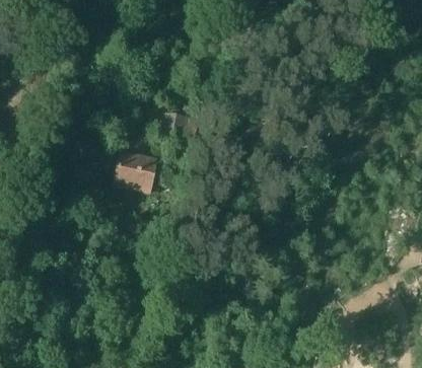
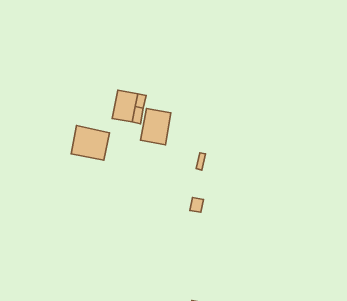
building: none -> [140,108,171,145]

